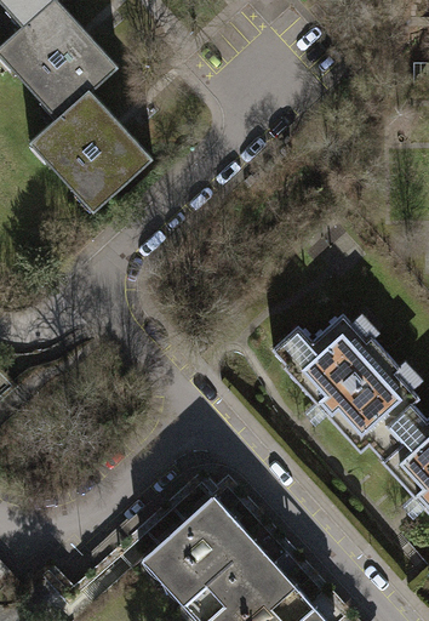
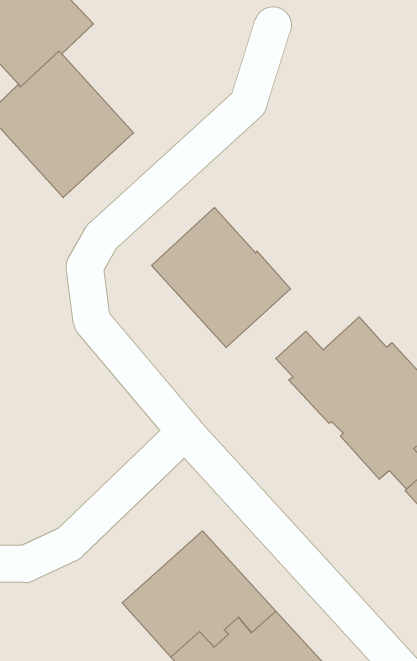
building: none -> [152,208,291,348]

